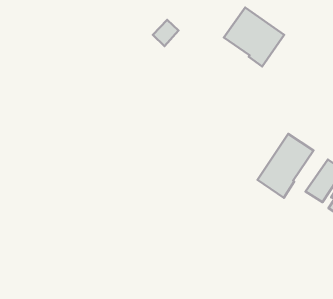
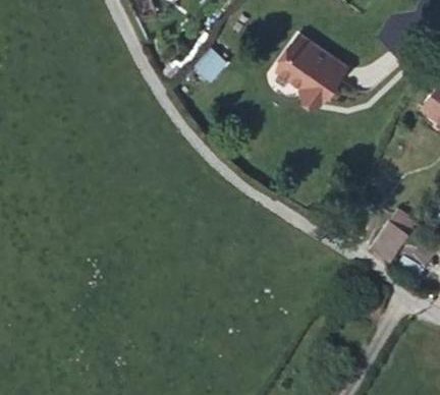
building: [257,134,313,198] -> none

